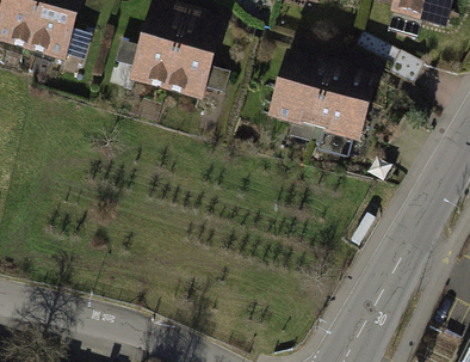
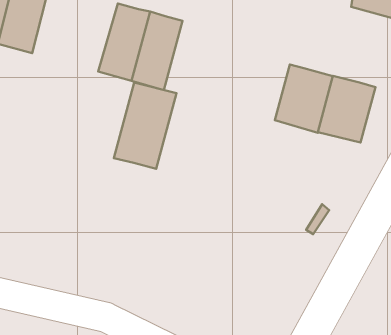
building: [271,57,330,127] -> [318,76,376,143]
building: none -> [114,83,176,169]

